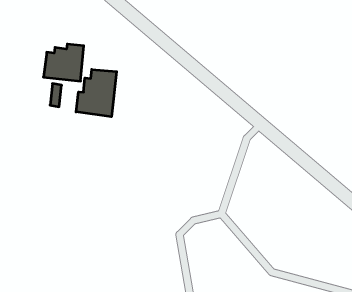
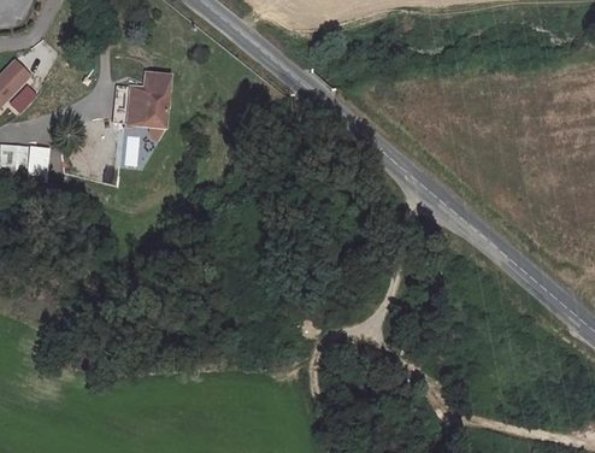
building: [76,69,117,117] -> none

